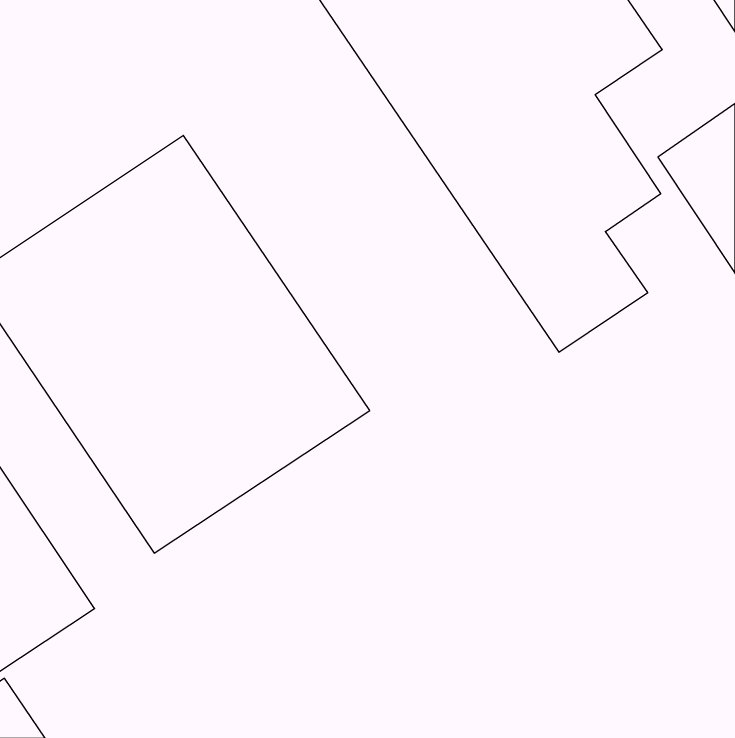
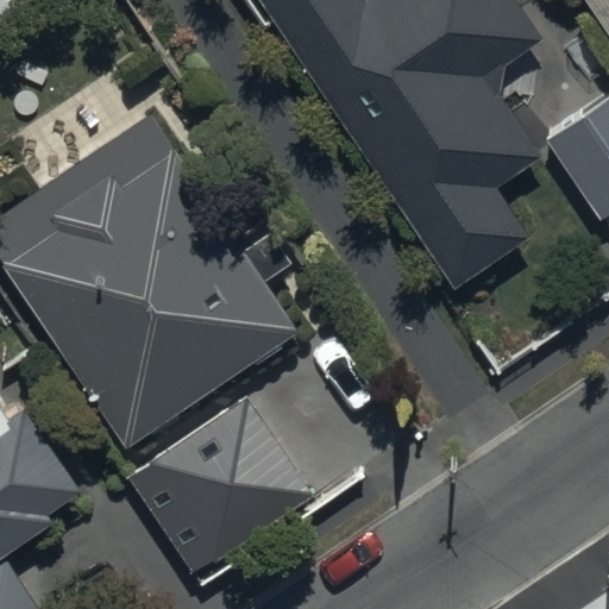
building: none -> [133,402,310,569]

